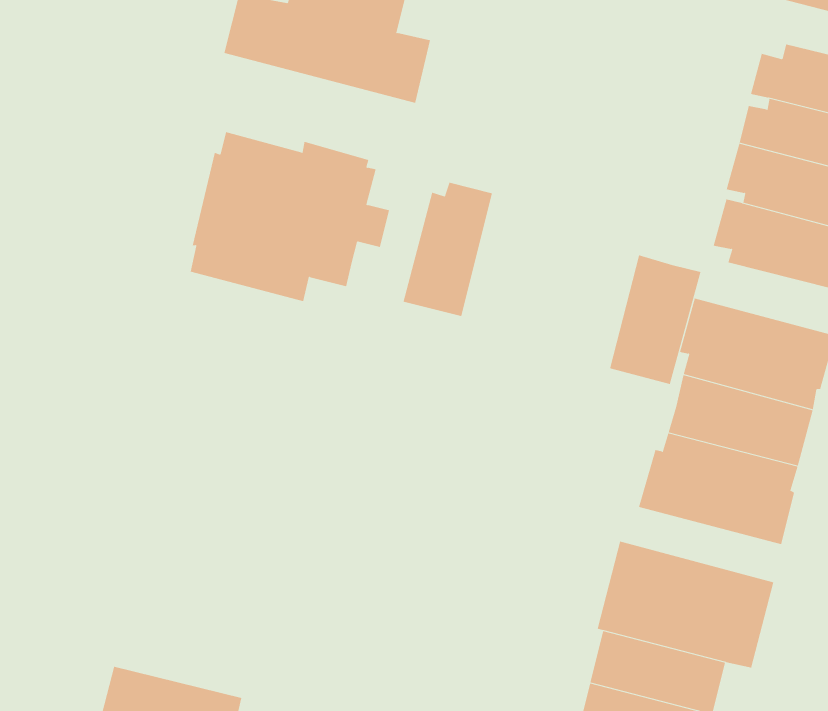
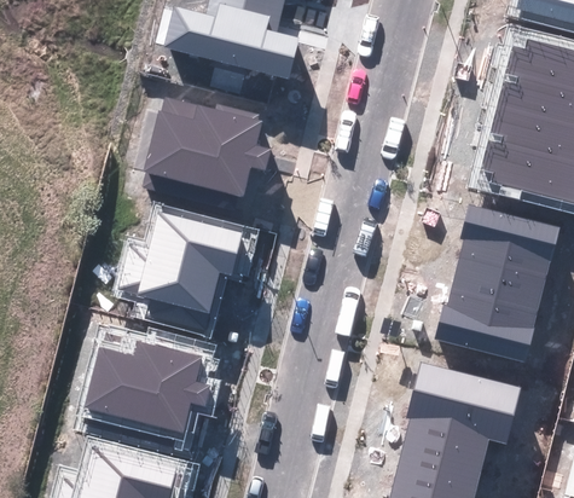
building: [403,182,493,317] -> none
building: [610,255,701,385] -> none
building: none -> [117,213,243,313]
building: none -> [85,341,209,432]

